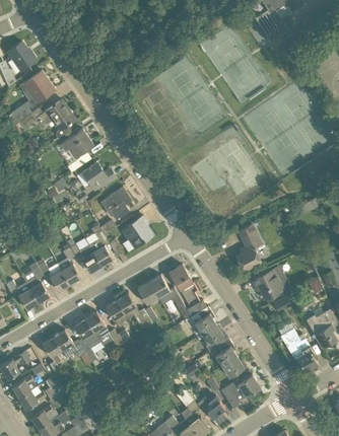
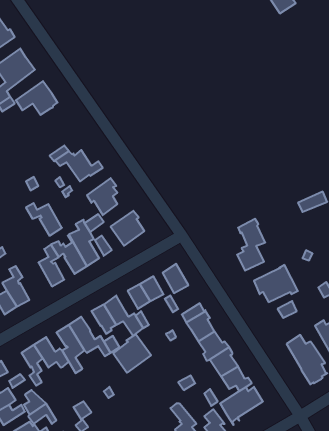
building: [60,129,92,157] -> none
building: [37,262,69,291] -> [26,203,62,236]
building: none -> [113,334,151,373]

